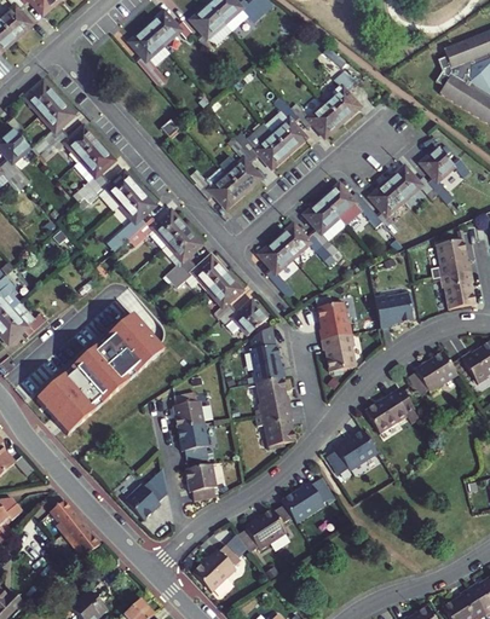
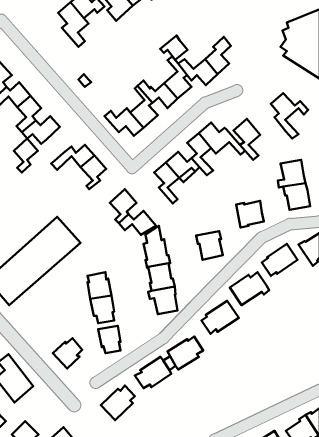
building: none -> [160,35,188,60]
building: [388,166,442,203] -> none
building: [116,191,149,237] -> [14,138,38,172]
building: [165,260,223,294] -> none
building: [316,301,351,339] -> none

